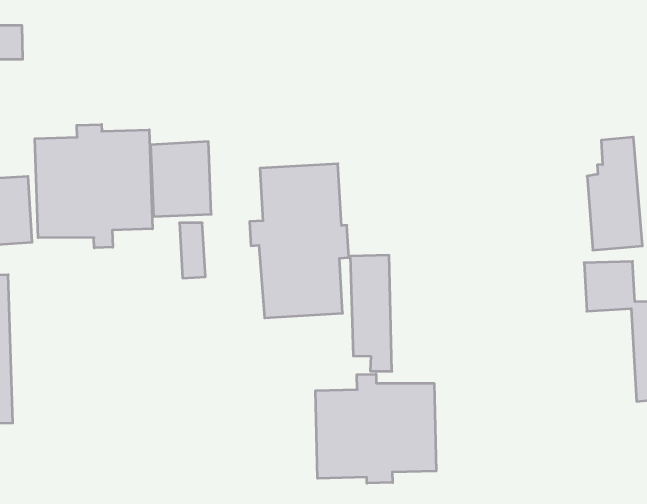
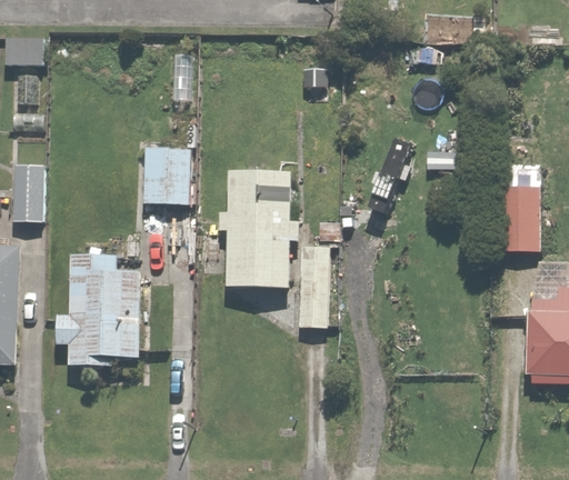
building: [35,124,152,248] -> none
building: none -> [53,252,141,369]
building: [316,374,436,483] -> none

